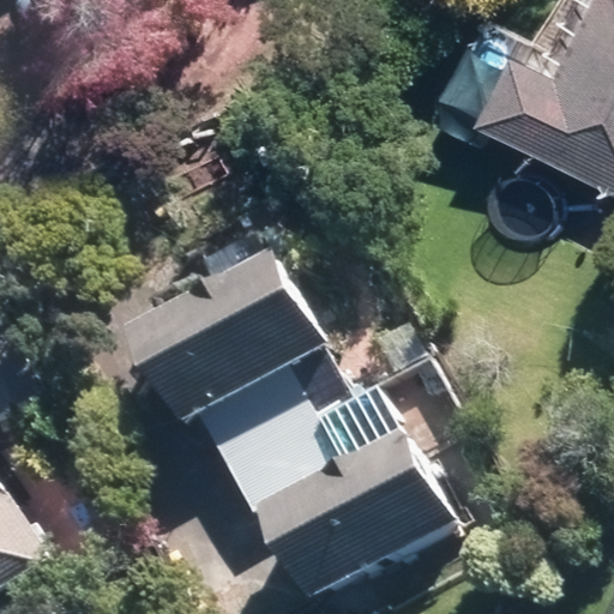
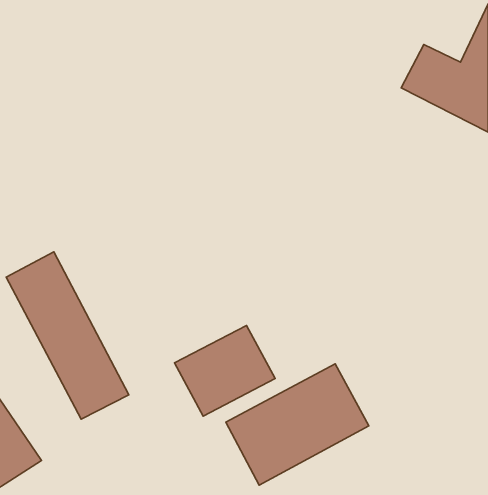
building: [144,260,327,417] -> none
building: none -> [6,252,129,419]

